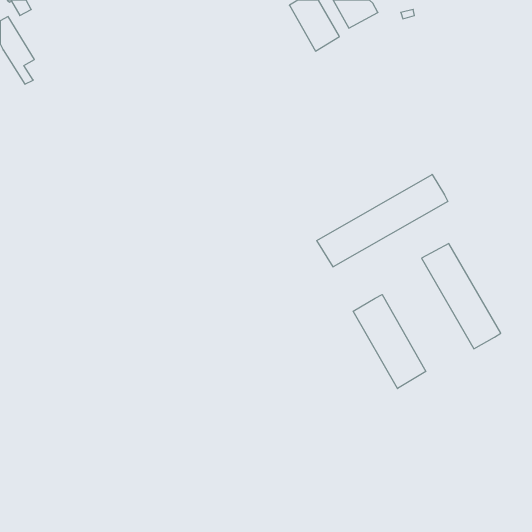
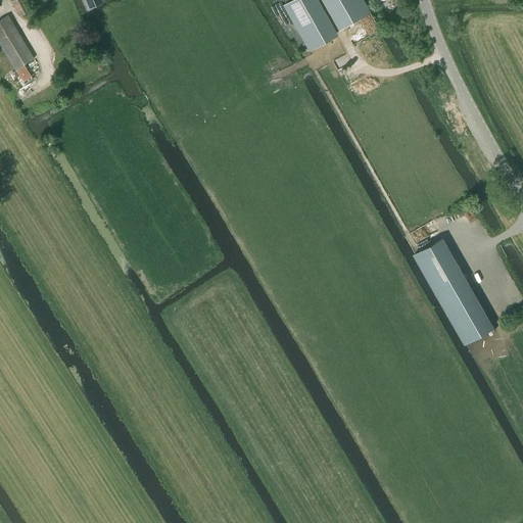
building: [317,174,448,267] -> none
building: [353,295,426,389] -> none

